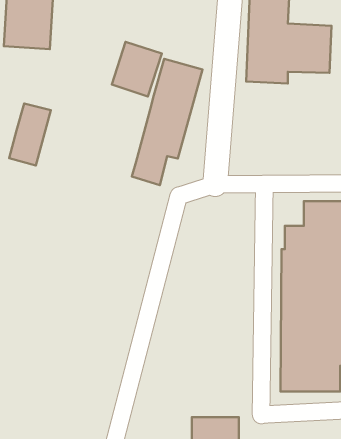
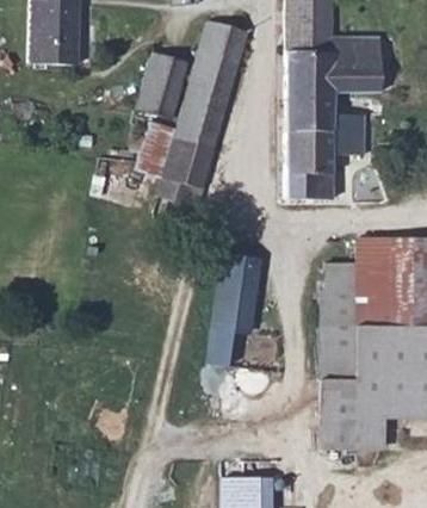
building: none -> [192,17,252,89]
building: none -> [279,103,361,207]
building: [9,104,51,166] -> [131,123,178,192]
building: none -> [206,252,267,366]

